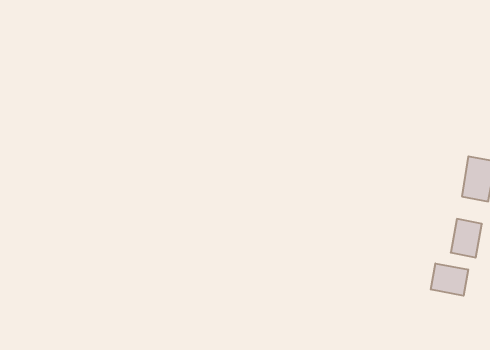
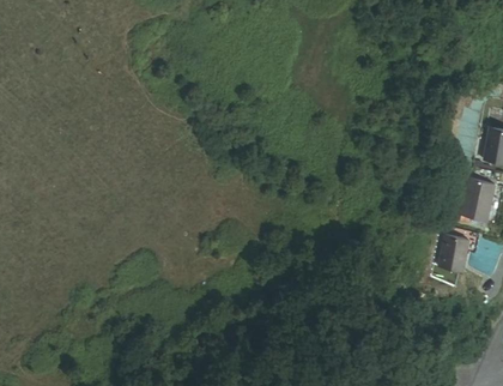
building: [431,263,468,296] -> none

